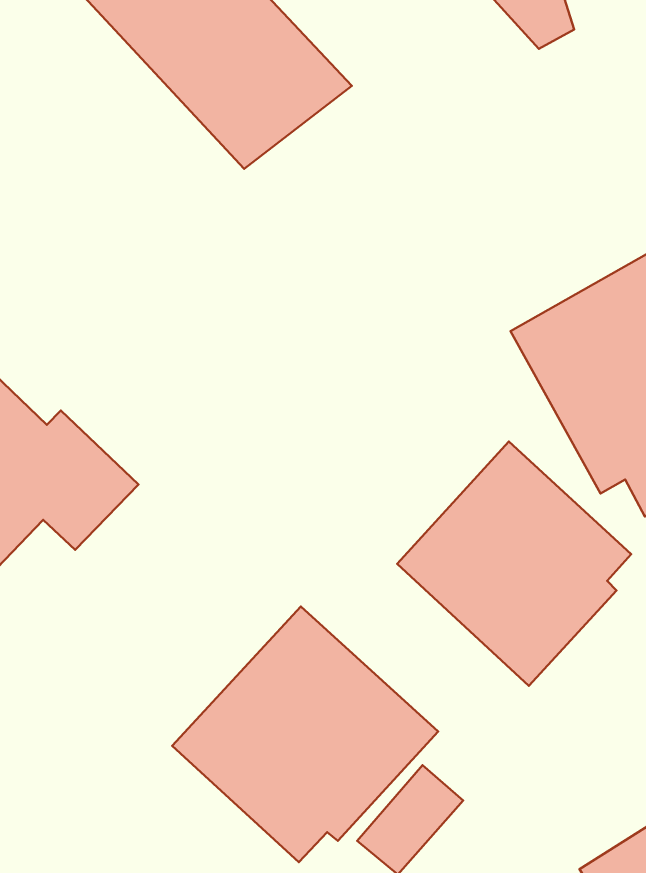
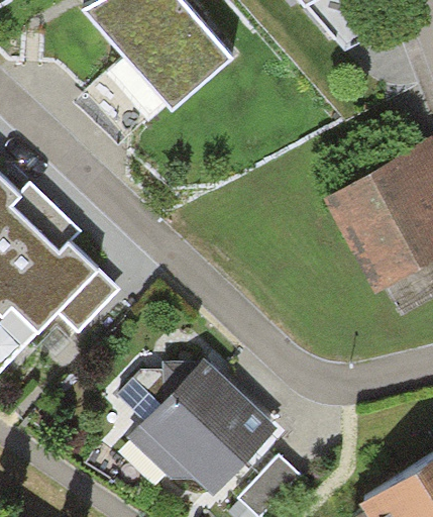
building: [397,442,631,686] -> none

